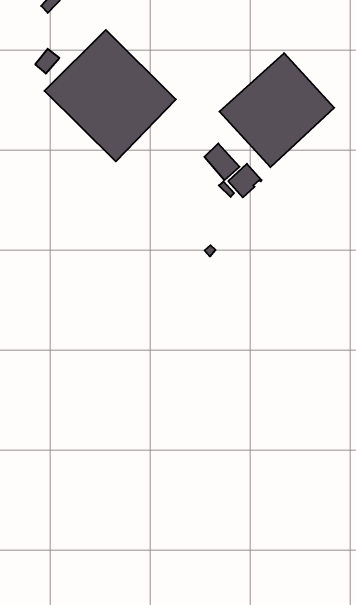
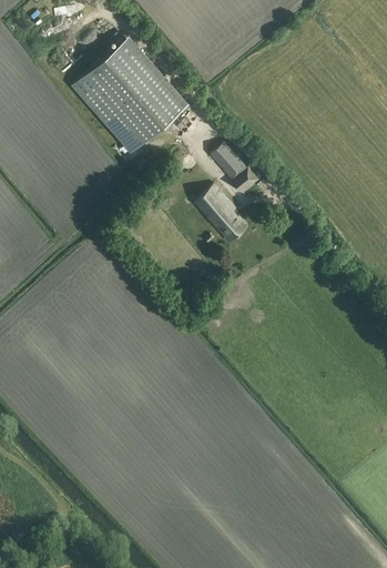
building: [219,53,334,167] -> none
building: none -> [194,184,247,243]

